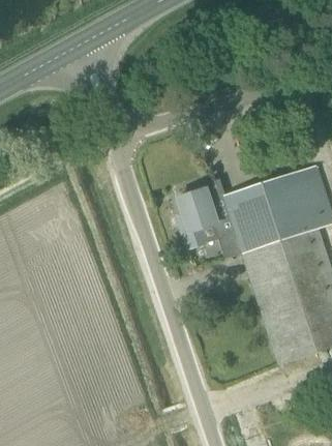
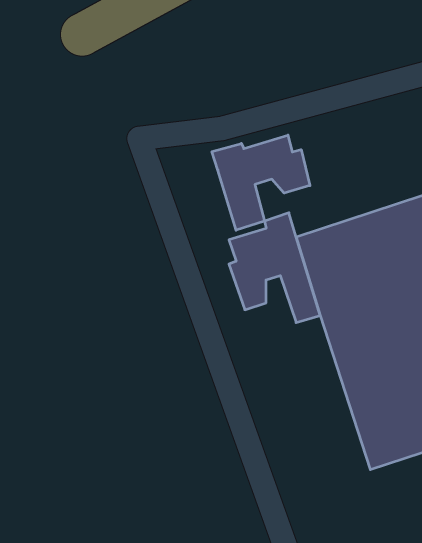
building: none -> [212,135,310,230]

